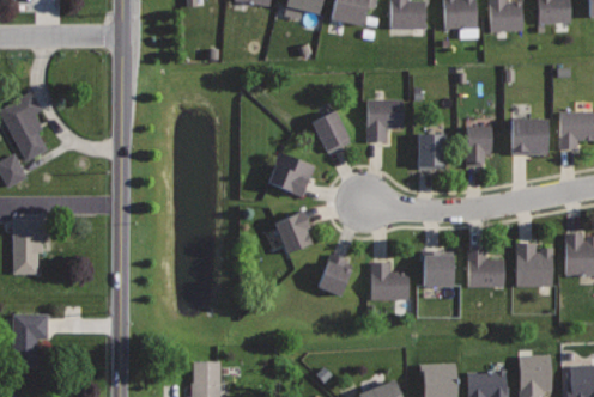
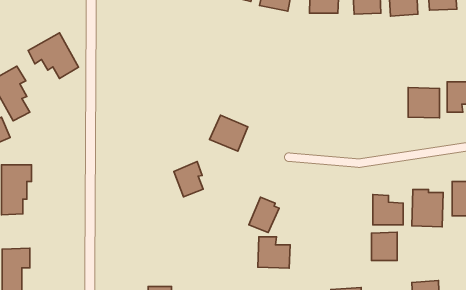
building: none -> [28,33,79,79]
building: [366,99,404,141] -> none
building: [311,110,351,154] -> none
building: [463,126,492,165] -> none
building: [418,134,447,169] -> none
building: [275,210,311,254] -> [174,162,203,197]
building: [423,251,454,286] -> [372,232,397,261]
building: [370,262,410,300] -> [258,237,290,268]

